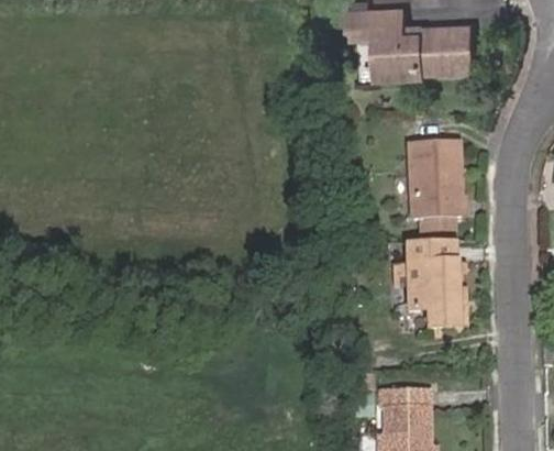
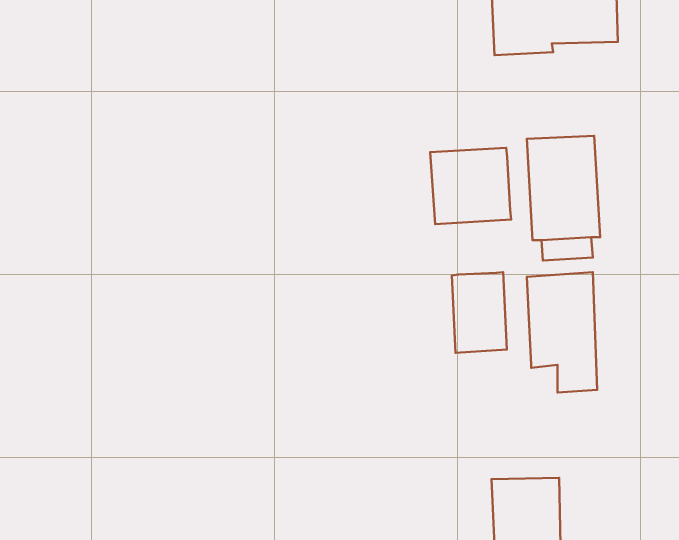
building: none -> [430,148,511,224]
building: none -> [452,272,507,353]

